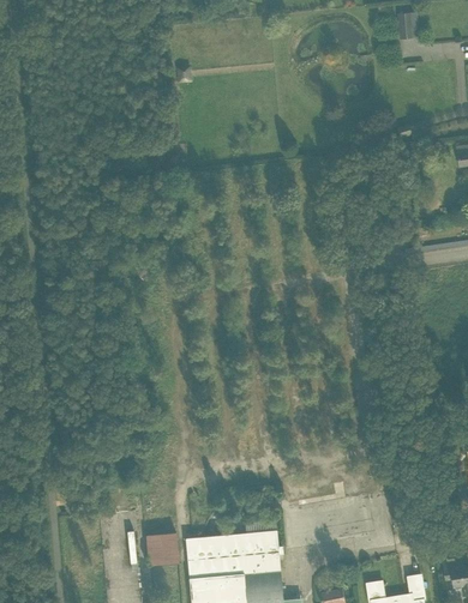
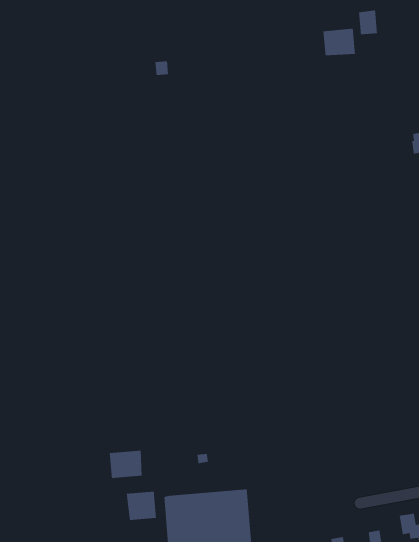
building: none -> [323,28,356,56]
building: none -> [109,450,143,479]

